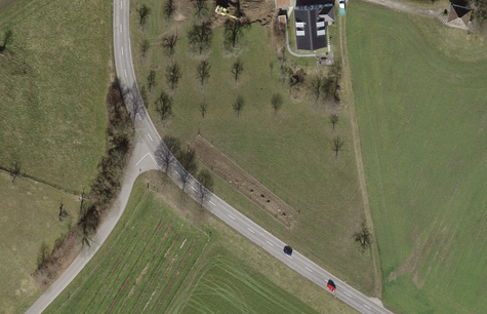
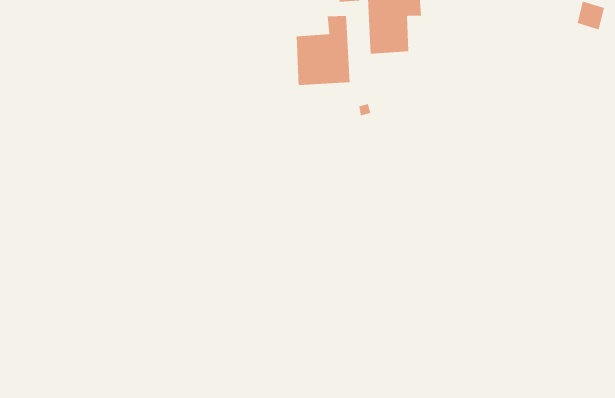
building: none -> [296,15,350,86]

